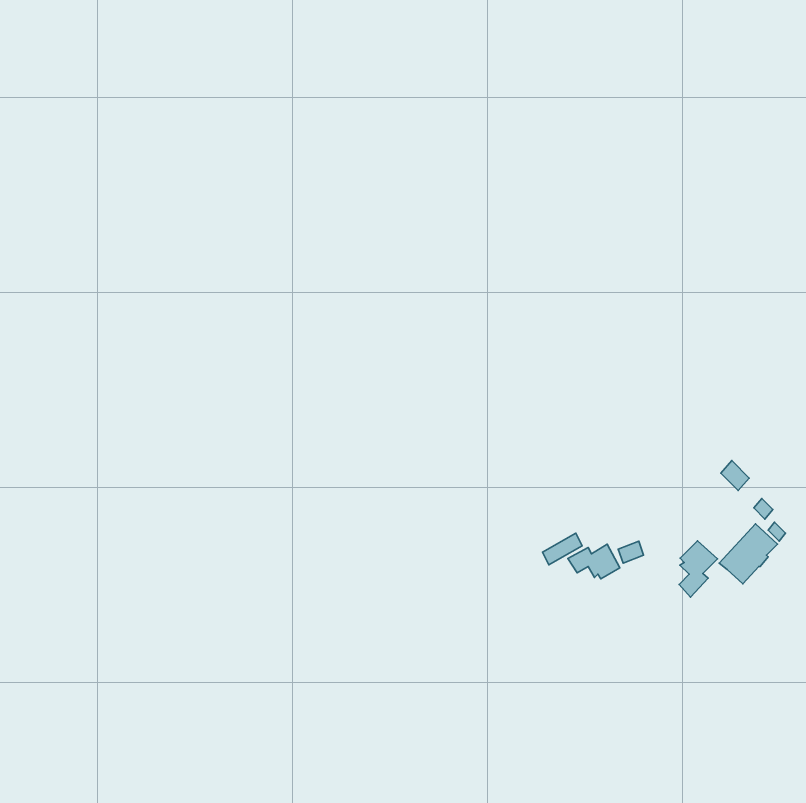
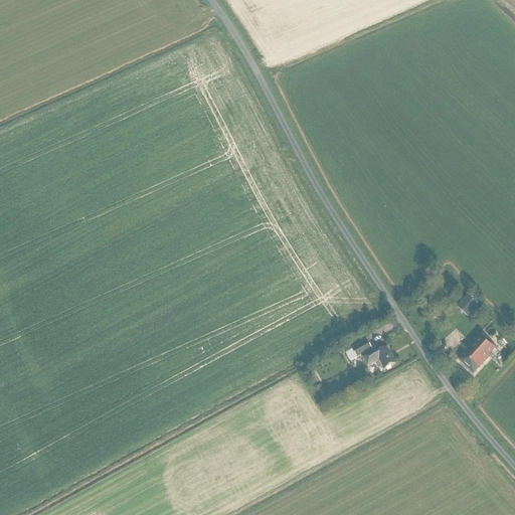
building: [679,541,717,597] -> none

